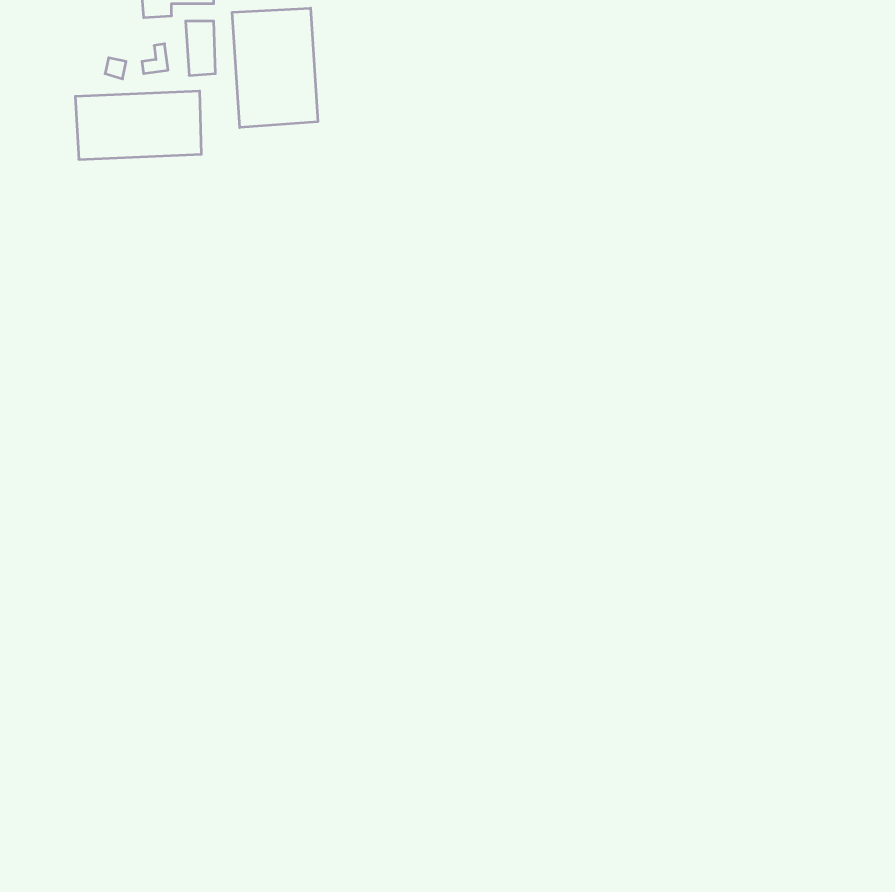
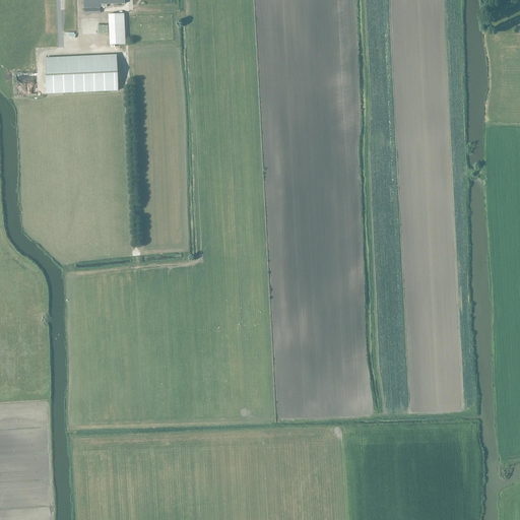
building: [232,8,318,128] -> none

